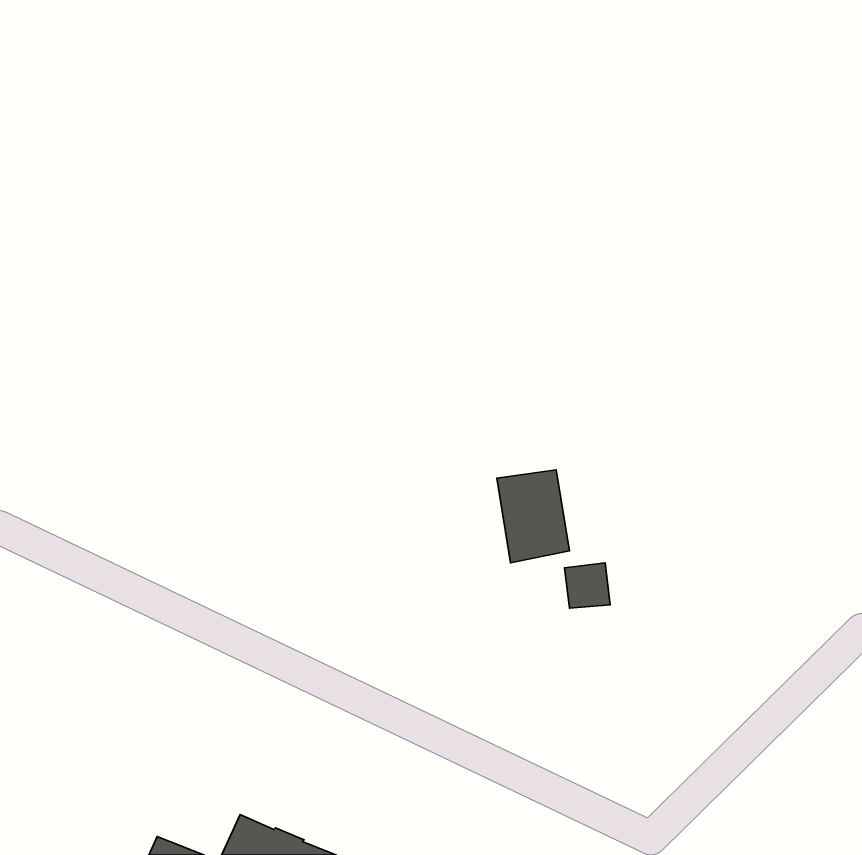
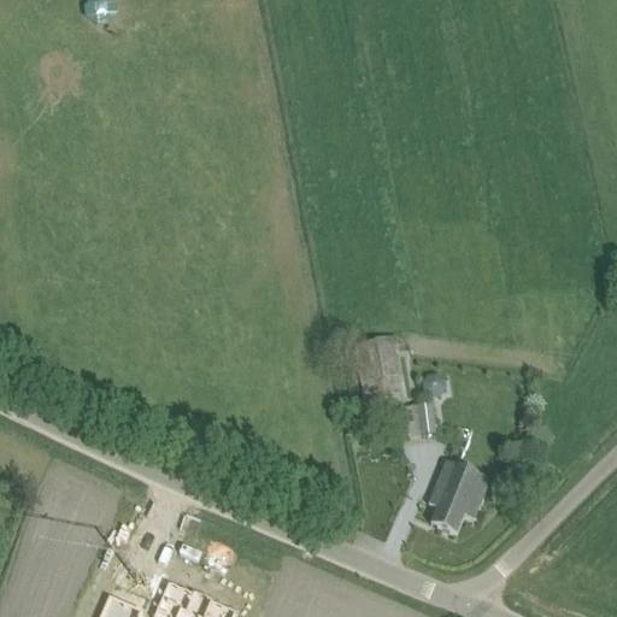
building: none -> [428,459,488,533]

